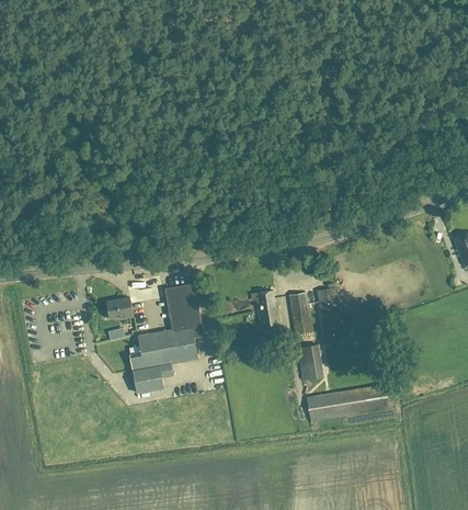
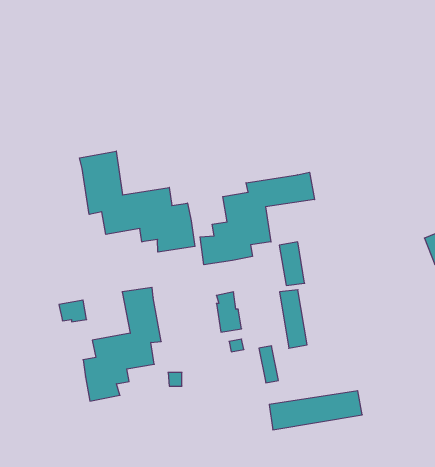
building: none -> [80,151,195,252]
building: none -> [200,172,315,265]
building: [287,292,311,333] -> [279,242,305,285]

